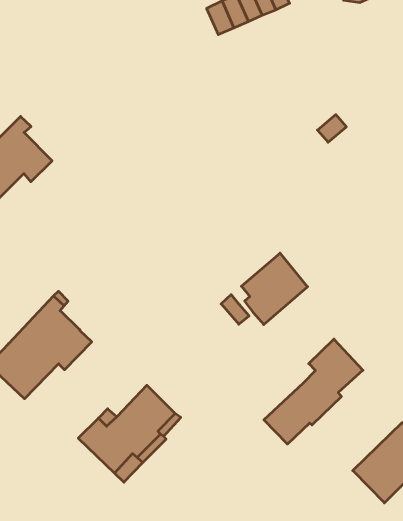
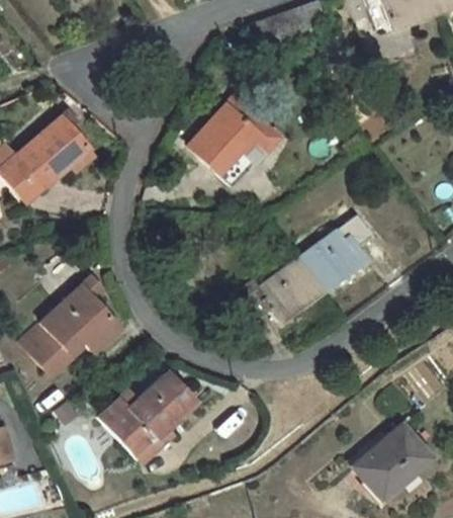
building: none -> [189,94,279,184]
building: none -> [300,213,373,289]
building: [264,339,363,444] -> none

